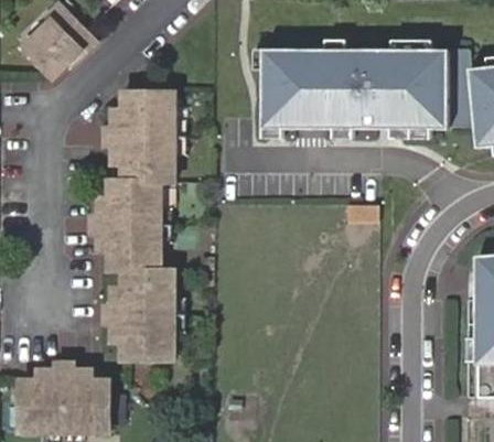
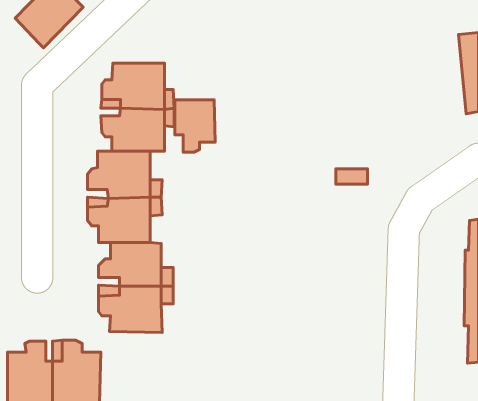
building: [261,46,448,127] -> none
building: none -> [175,100,215,152]

